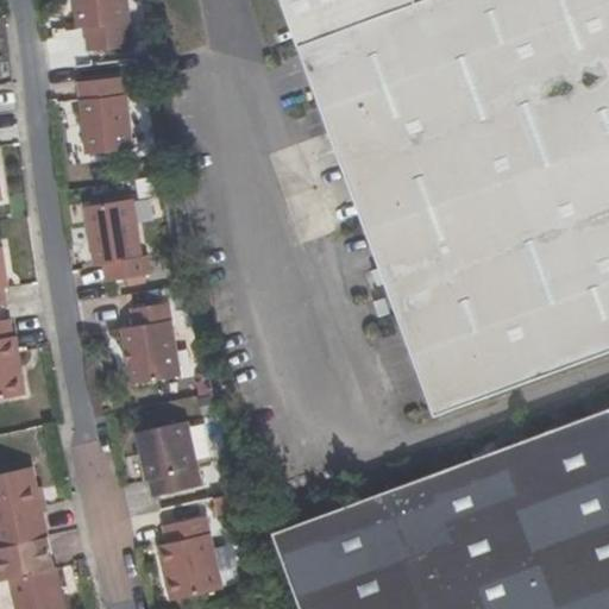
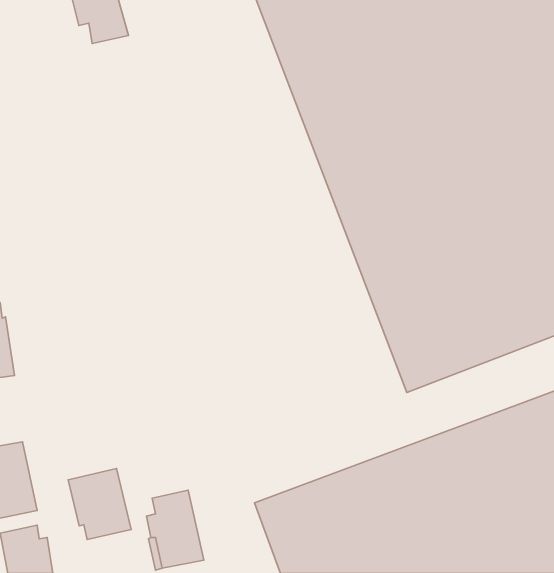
building: [77,76,134,159] -> none
building: [88,203,149,284] -> none
building: [115,299,178,401] -> none
building: [137,425,203,500] -> [68,469,131,539]

